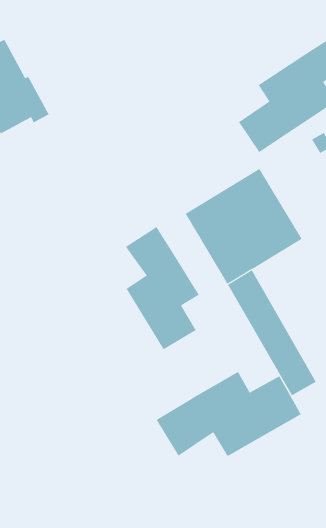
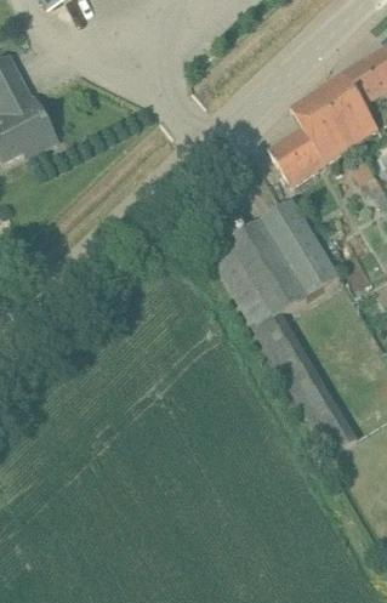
building: [125,226,199,350] -> none
building: [156,371,302,457] -> none

